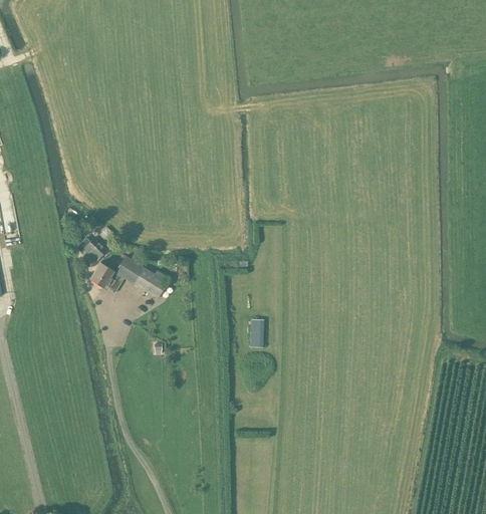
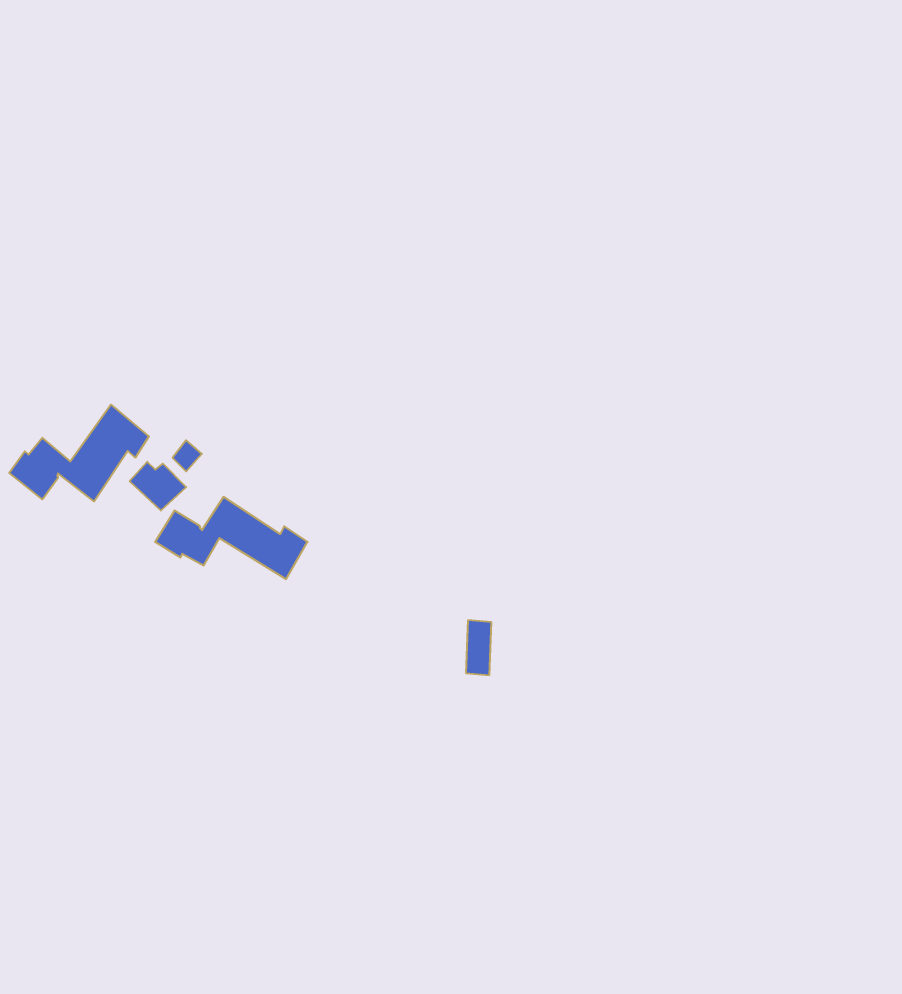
building: none -> [9,405,149,501]

